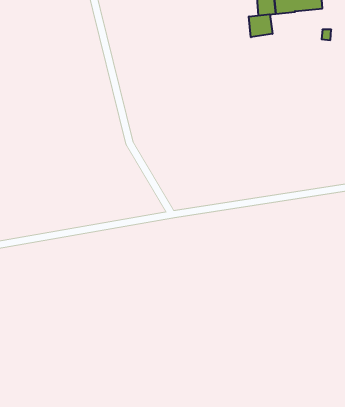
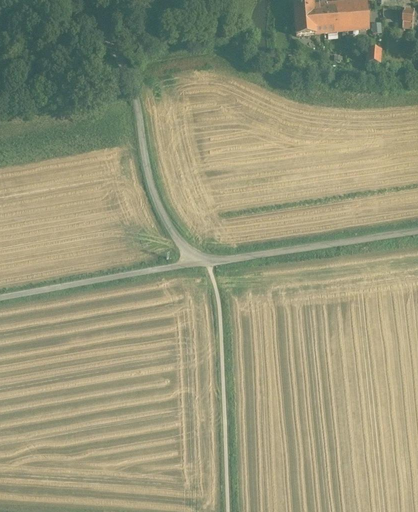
building: [249,14,272,37] -> none

